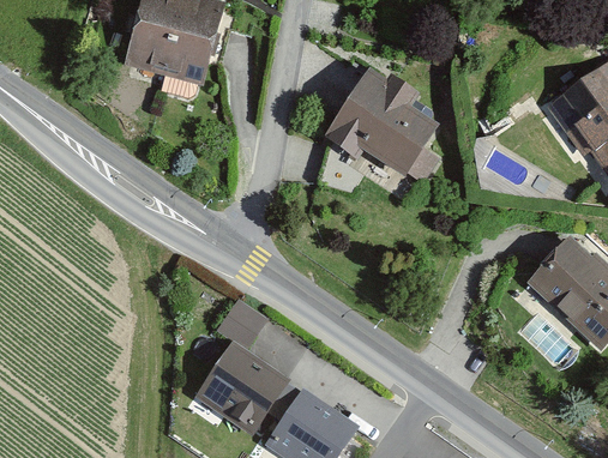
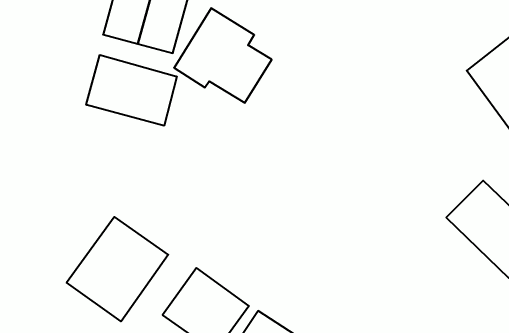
building: [325,68,439,179] -> [174,8,272,103]
building: none -> [86,55,177,126]
building: none -> [67,217,168,321]

